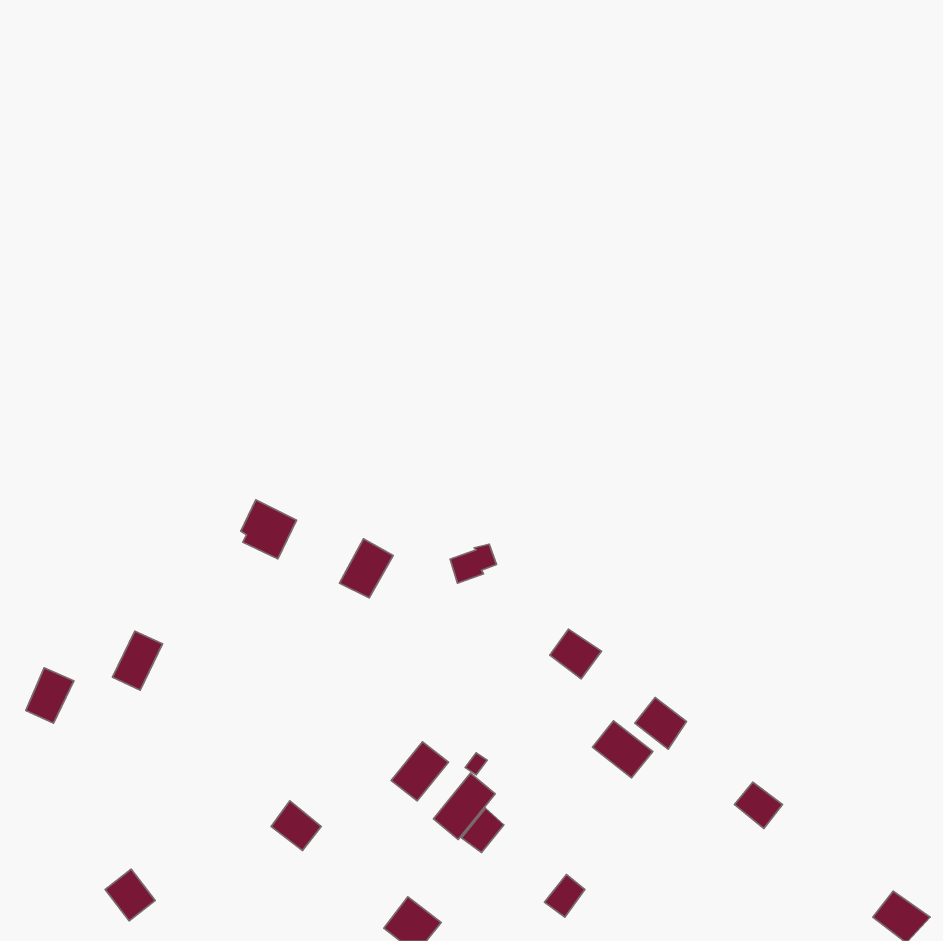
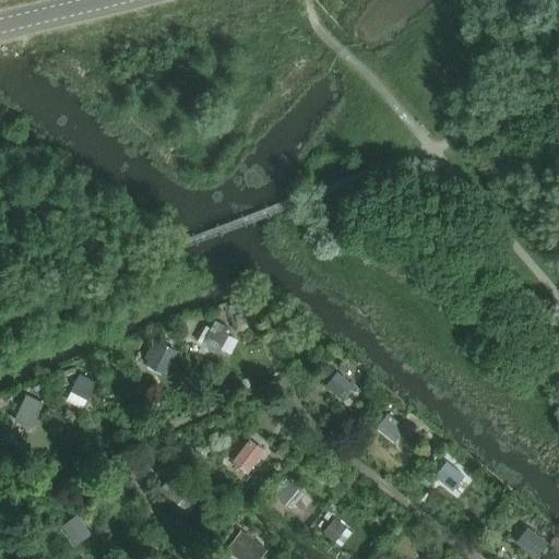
building: [241,500,296,559] -> [145,338,178,373]
building: [592,721,653,778] -> none
building: [433,773,495,840] -> none

